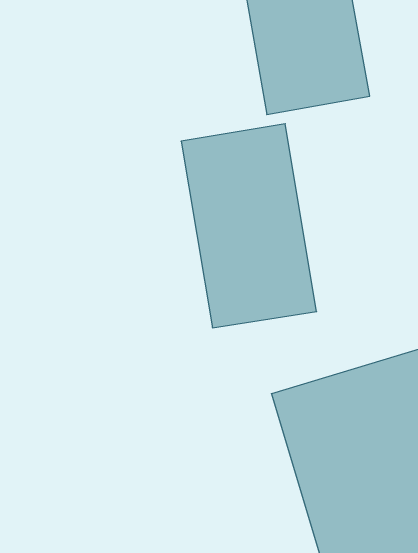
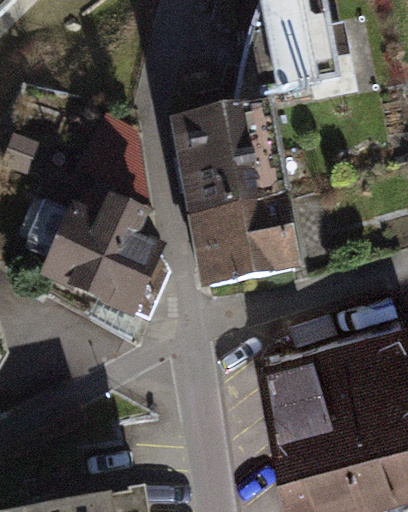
building: none -> [40,204,168,314]

